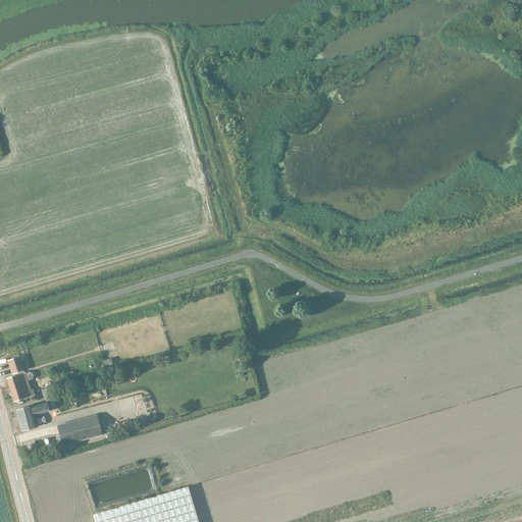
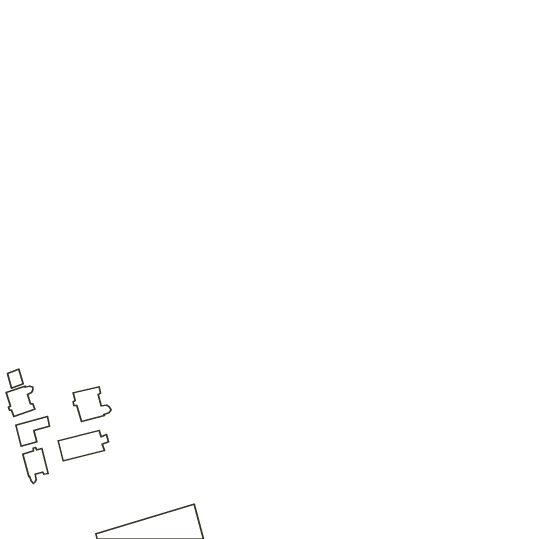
building: none -> [73,387,111,421]
building: none -> [23,448,48,483]

